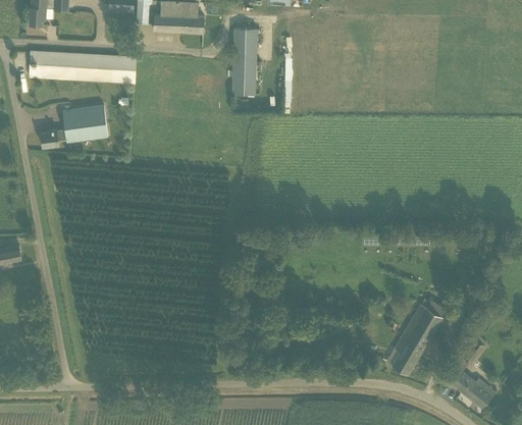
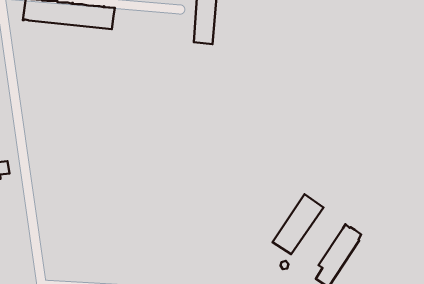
building: [41,103,108,145] -> none
building: none -> [273,194,323,254]

